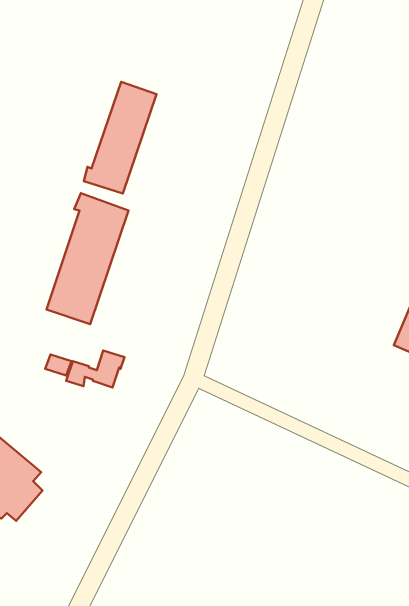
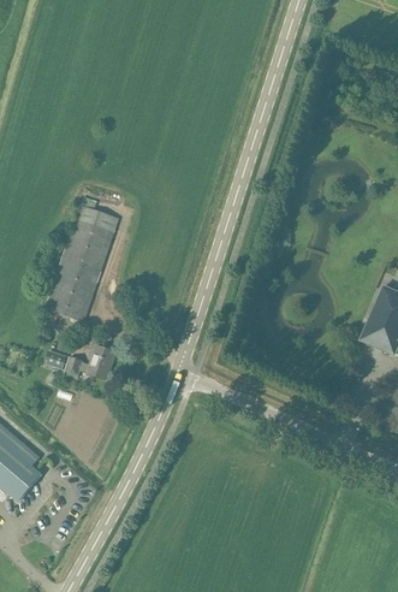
building: [84,82,156,194] -> none

